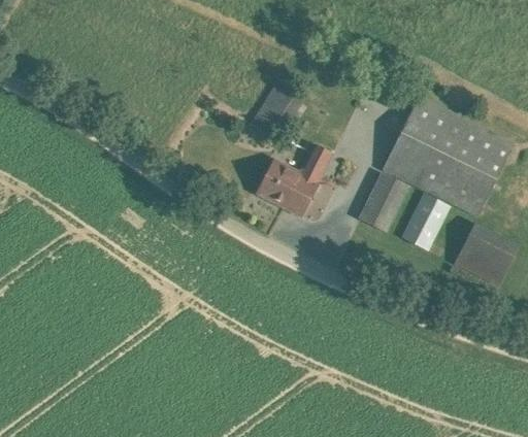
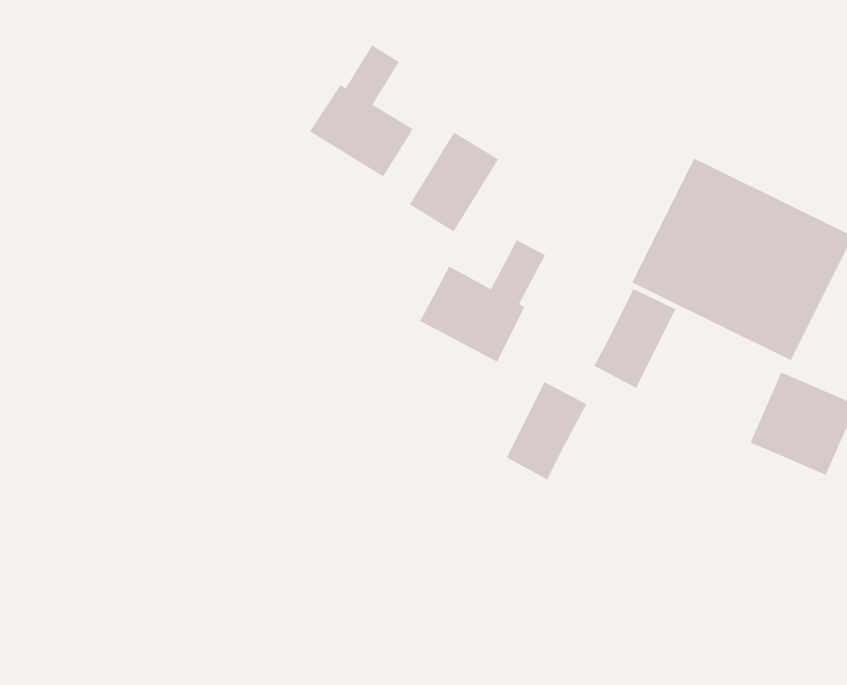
building: none -> [309,44,414,178]
building: [402,192,451,250] -> [506,381,588,480]

